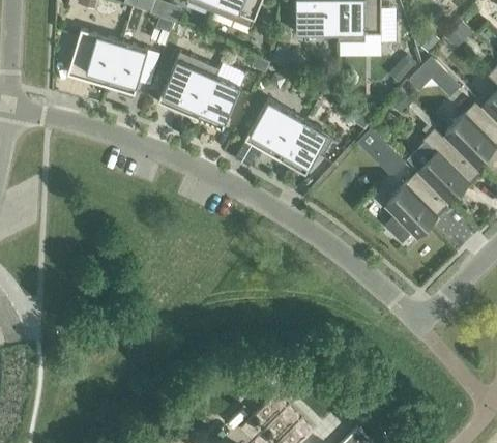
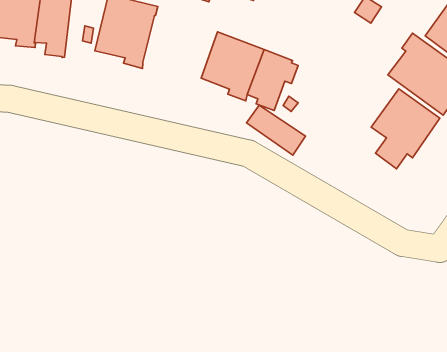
building: [200,78,241,131] -> none
building: [357,130,406,178] -> [246,105,305,155]

